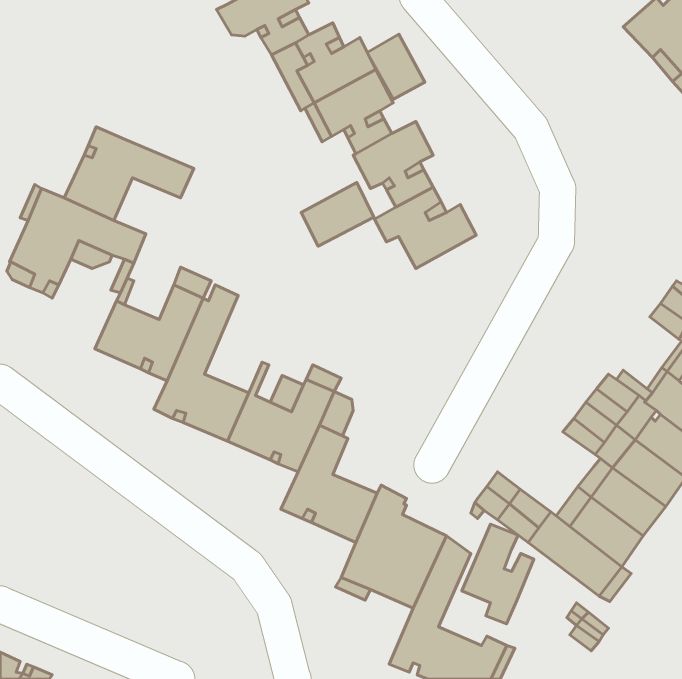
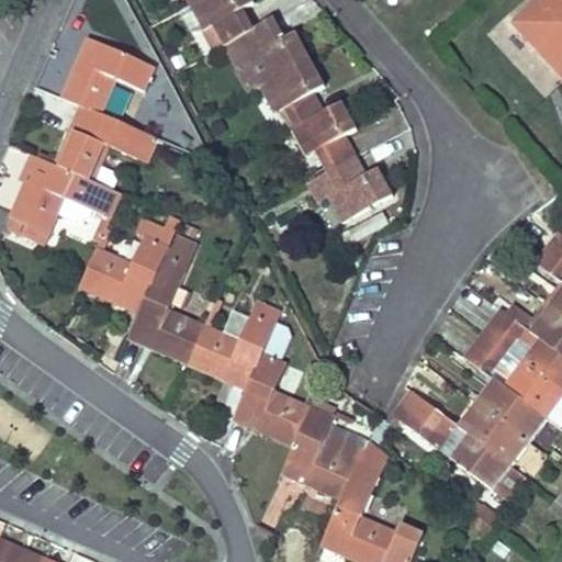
building: [367,34,425,99] -> none
building: none -> [60,36,154,114]
building: [301,182,374,246] -> none
building: [462,524,534,624] -> none

